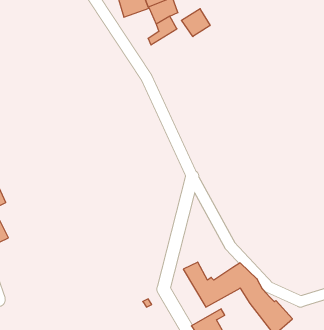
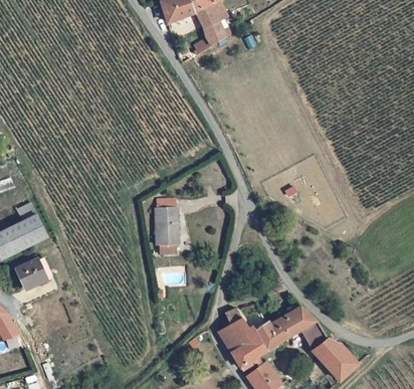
building: [181,9,210,37] -> none
building: none -> [156,204,180,251]
building: none -> [221,309,260,365]

